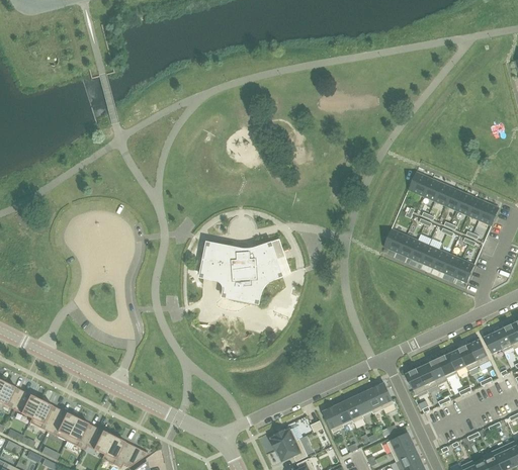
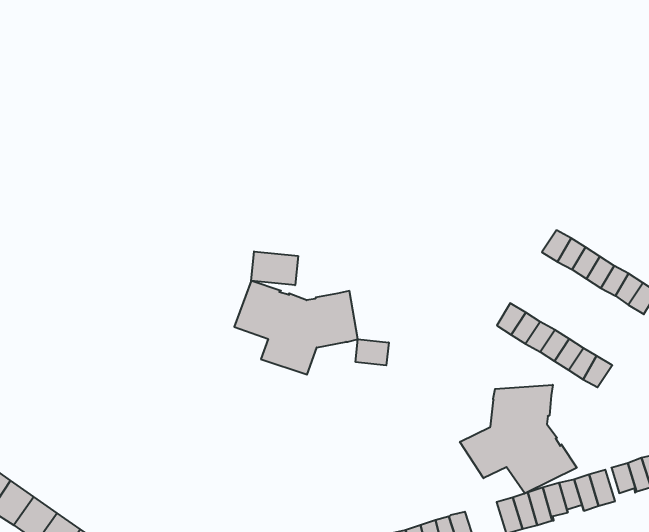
building: none -> [251,251,298,285]
building: none -> [356,339,389,365]
building: none -> [460,385,577,494]

